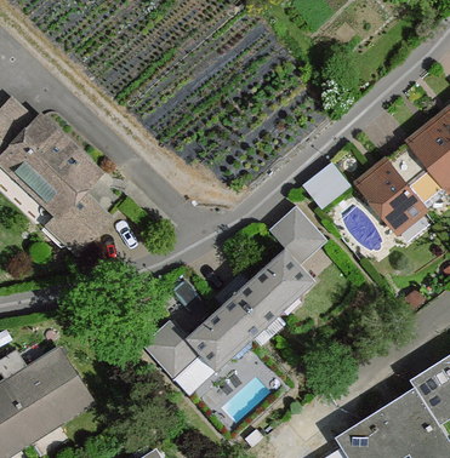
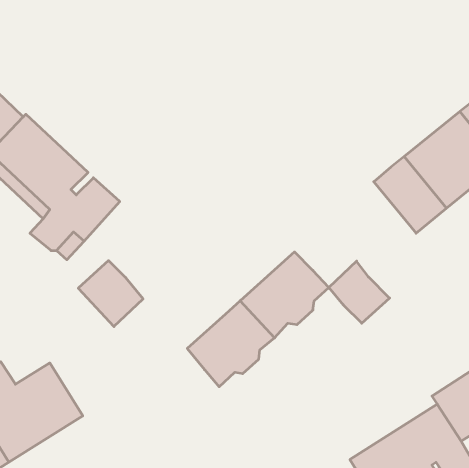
building: [306,158,353,204] -> none
building: [270,208,326,265] -> [329,261,390,323]
building: [142,321,201,382] -> [78,261,143,327]

